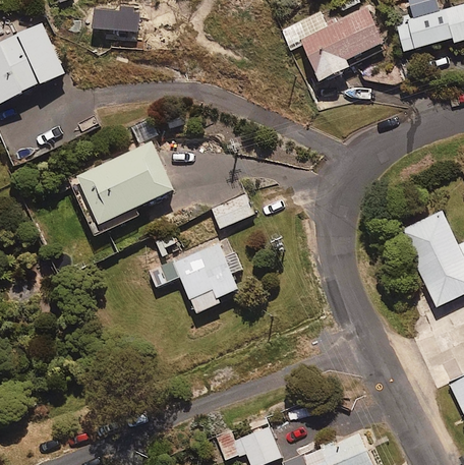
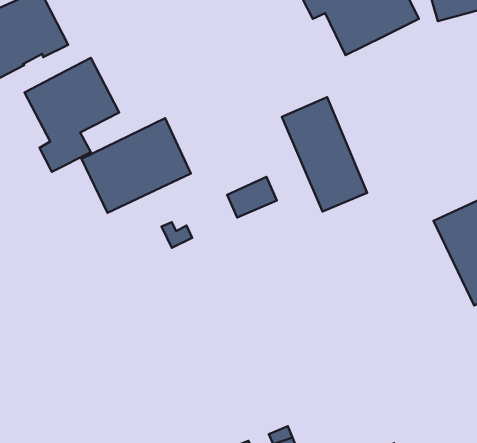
building: none -> [25,58,119,172]
building: none -> [282,97,367,211]
building: [150,242,243,312] -> none

